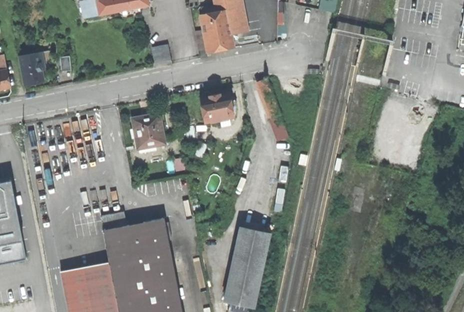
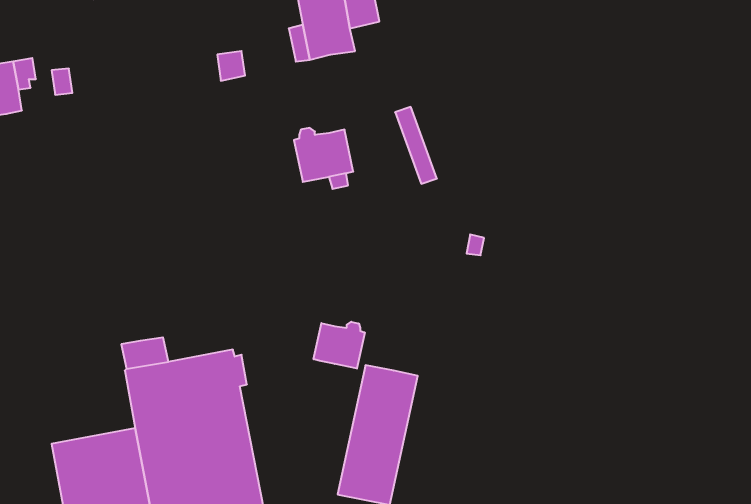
building: [131,113,164,149] -> none
building: none -> [314,322,365,369]

